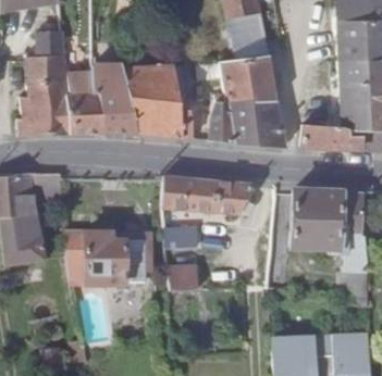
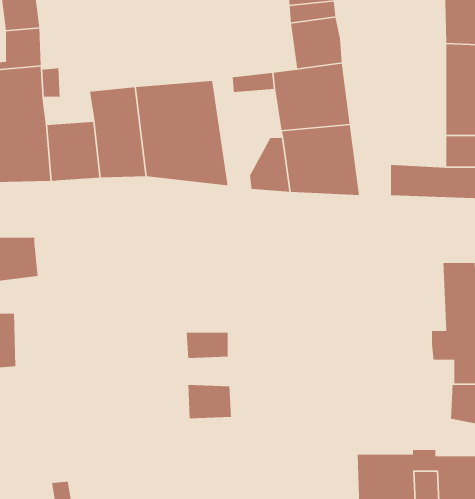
building: [160,172,256,226] -> none
building: [291,189,340,248] -> none
building: [64,225,145,281] -> none

